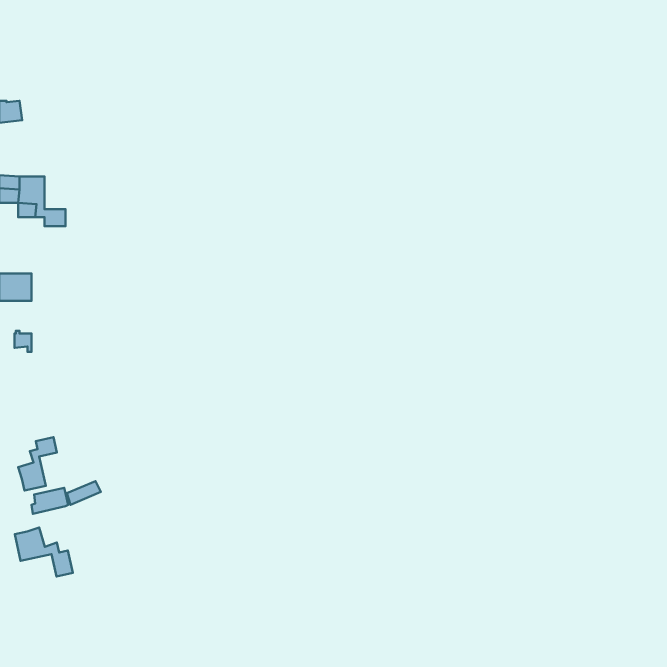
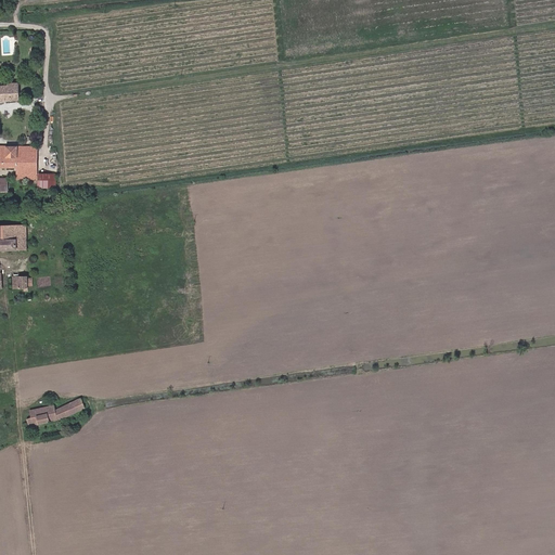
building: [18,437,57,491] -> none
building: [15,527,73,576] -> none

